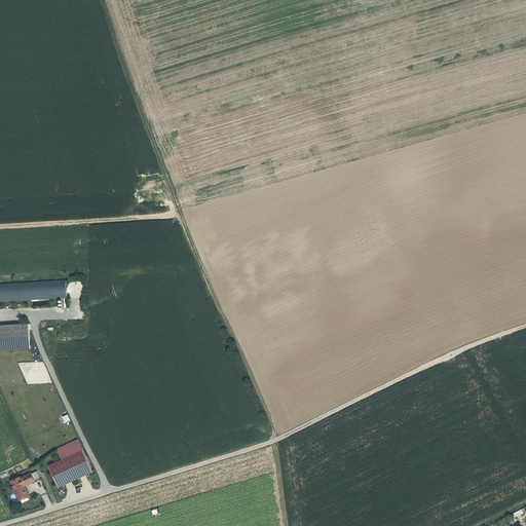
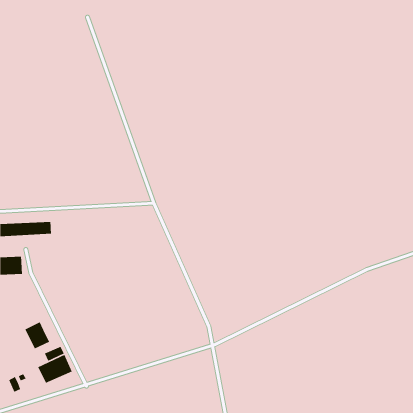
building: none -> [24,321,50,349]

